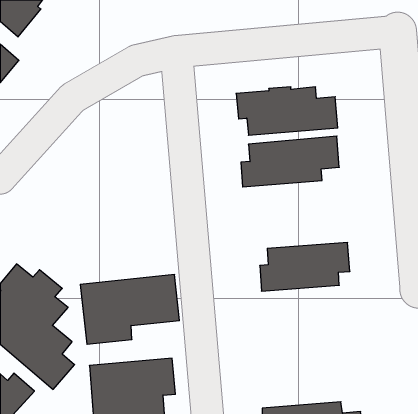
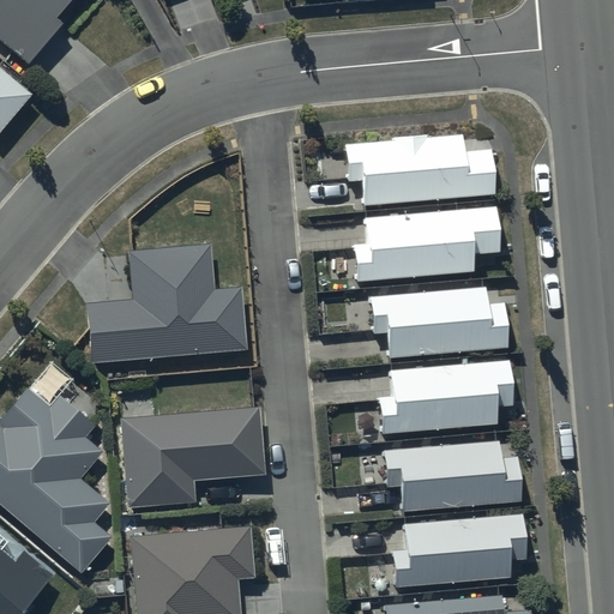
building: none -> [88,245,246,362]
building: none -> [371,285,507,356]
building: none -> [385,440,522,510]
building: none -> [395,514,525,588]

